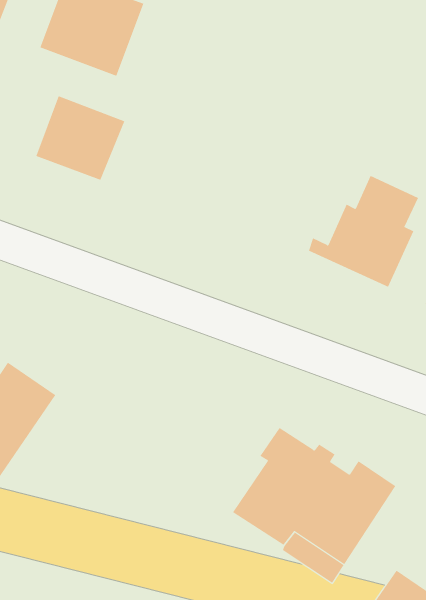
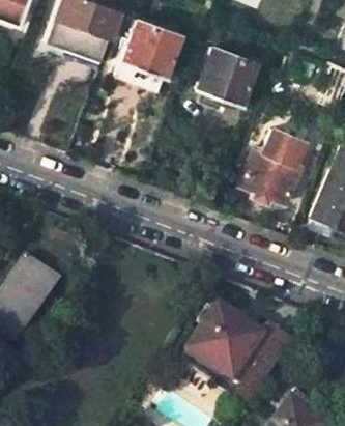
building: none -> [197,47,259,106]
building: [36,95,125,180] -> [123,20,184,78]

